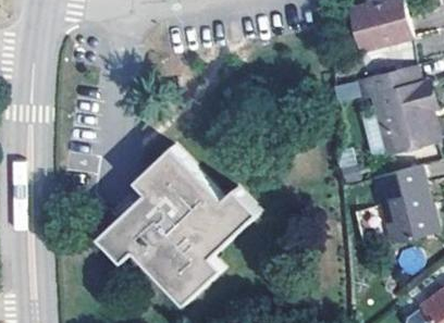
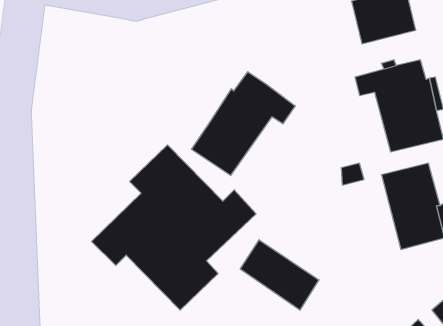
building: none -> [192,72,295,176]
building: none -> [240,240,319,310]

